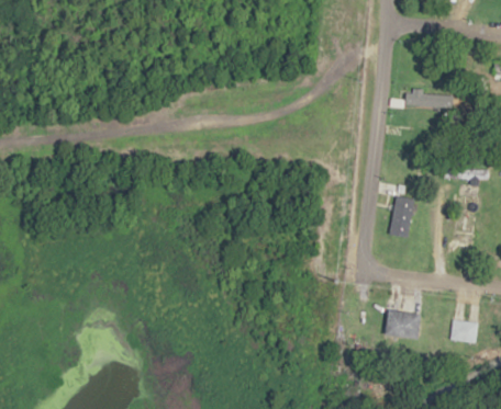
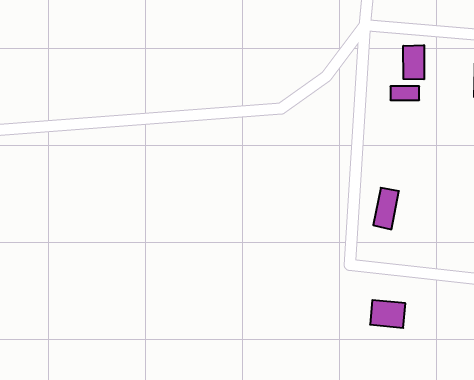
building: none -> [403,45,424,79]
building: [452,320,477,341] -> none

